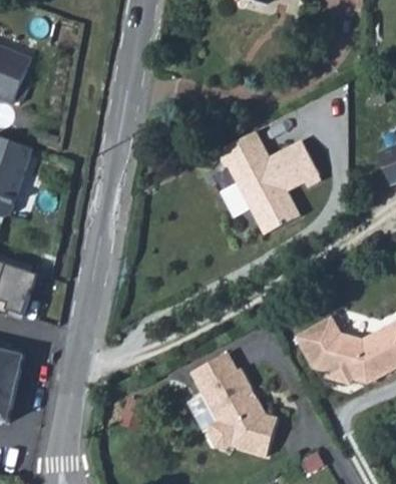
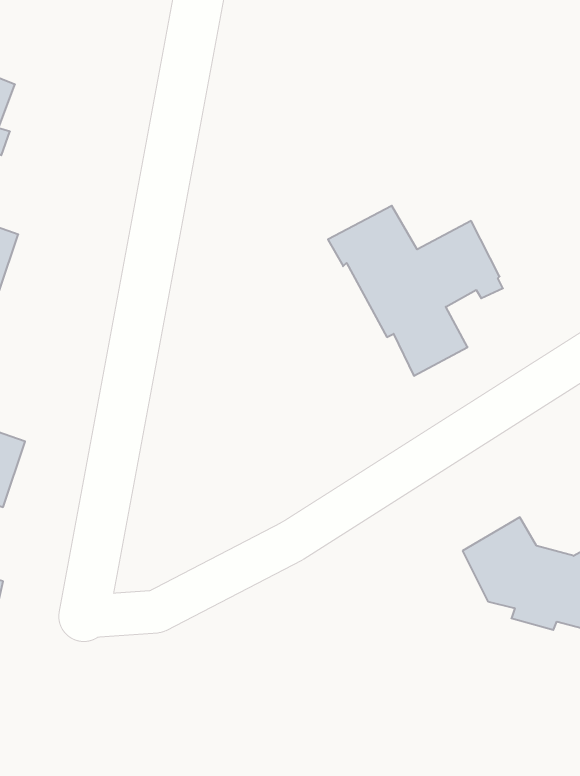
building: [189,352,277,456] -> none

